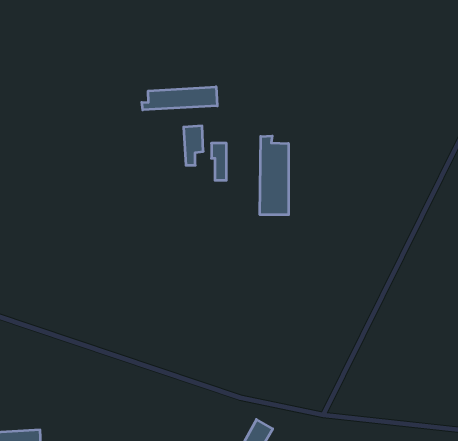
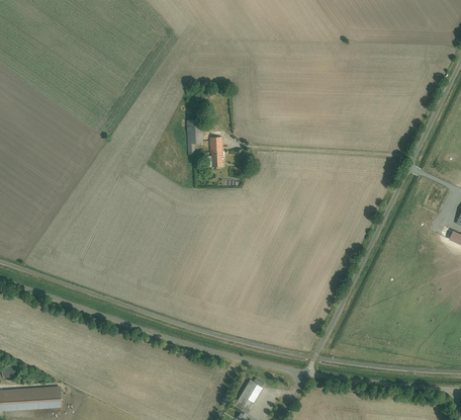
building: [142,87,217,110] -> none
building: [260,136,289,215] -> none

